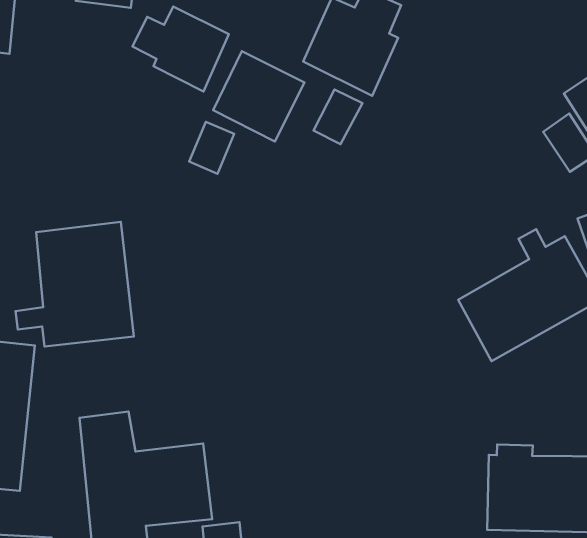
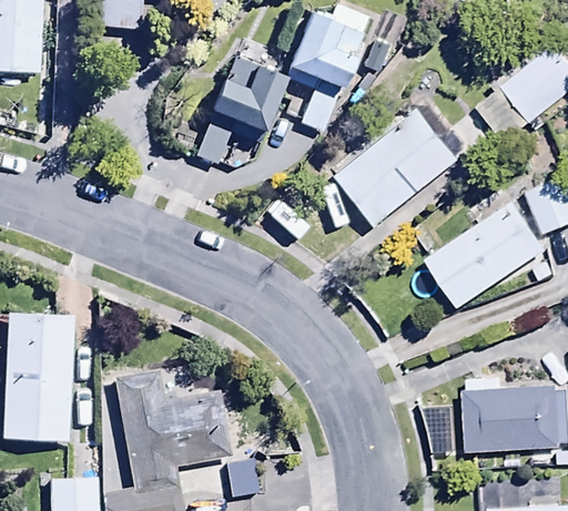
building: [132,6,229,91] -> none
building: none -> [341,108,479,237]
building: [15,222,134,346] -> none

